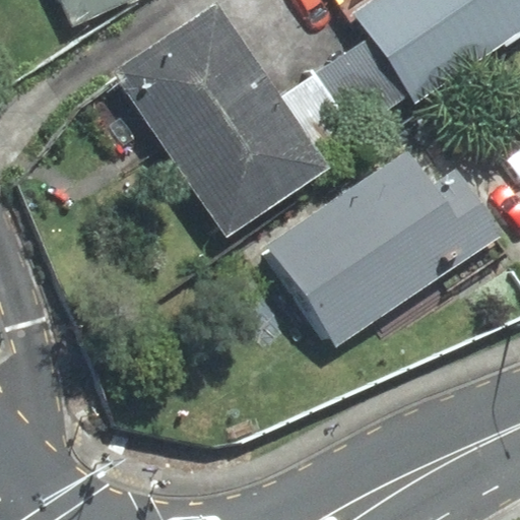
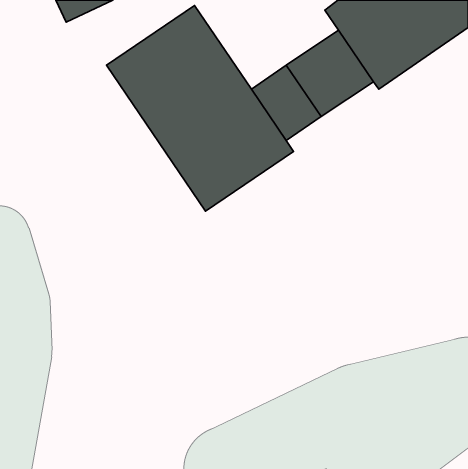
building: [267,153,495,344] -> none

